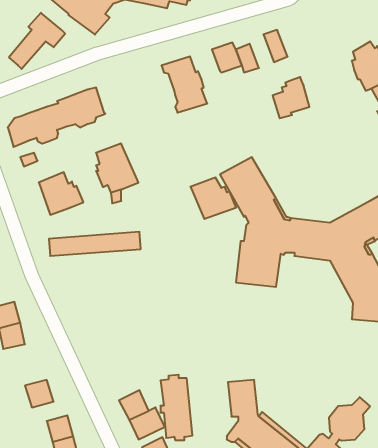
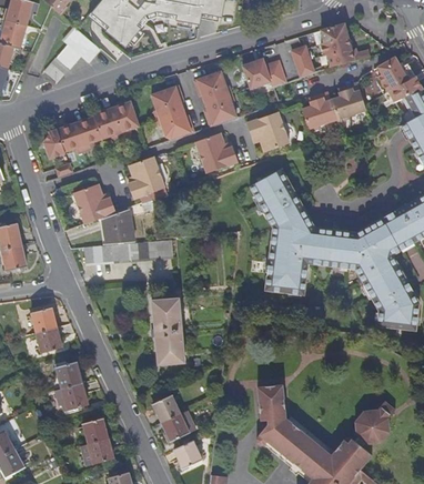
building: none -> [320,22,371,65]
building: none -> [331,81,364,123]
building: none -> [151,85,193,140]
building: none -> [248,110,292,151]
building: [190,178,236,219] -> [196,132,241,172]
building: none -> [104,208,133,243]
building: none -> [54,362,82,390]
building: [160,375,192,440] -> [153,300,184,363]

